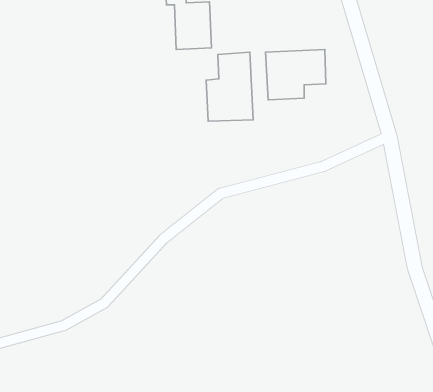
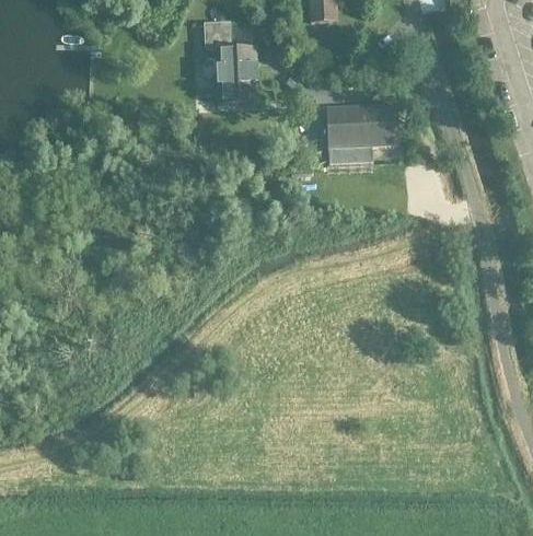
building: [206,52,253,121] -> none

